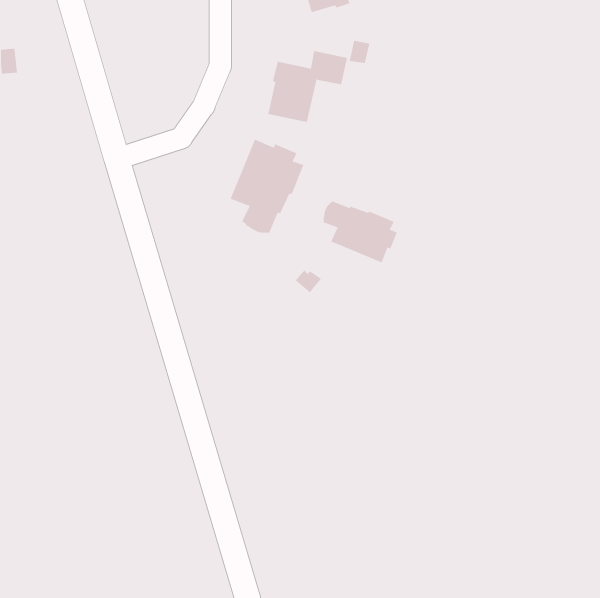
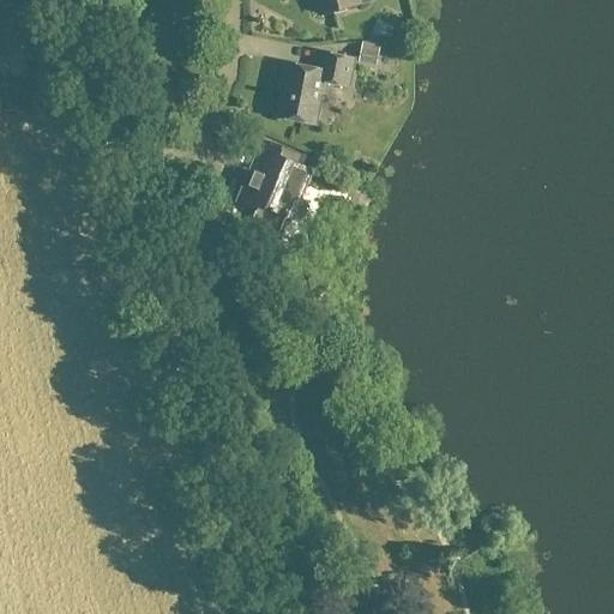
building: [323,201,398,263] -> none

